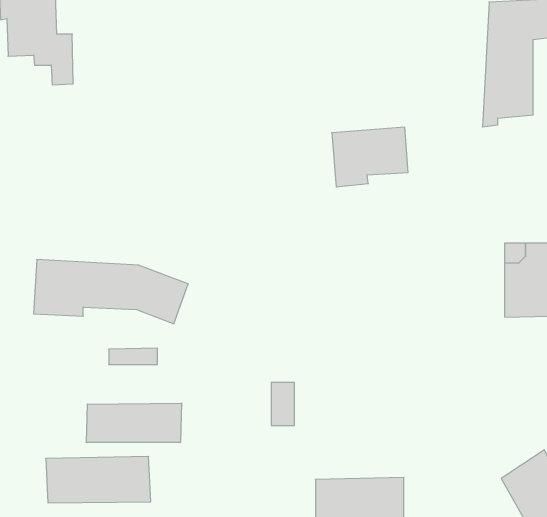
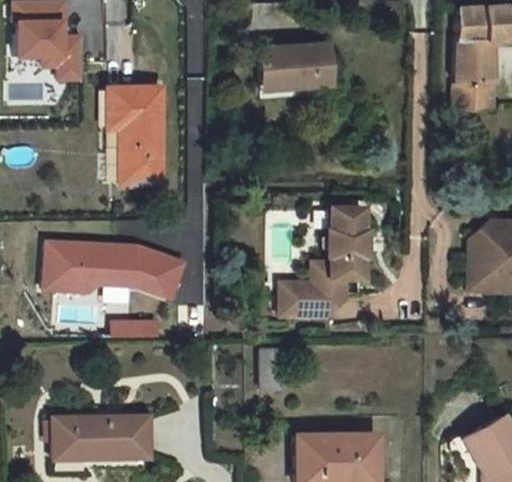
building: none -> [107,90,160,187]
building: [332,127,408,187] -> [263,42,332,96]
building: none -> [284,209,366,315]
building: [86,403,182,443] -> none

